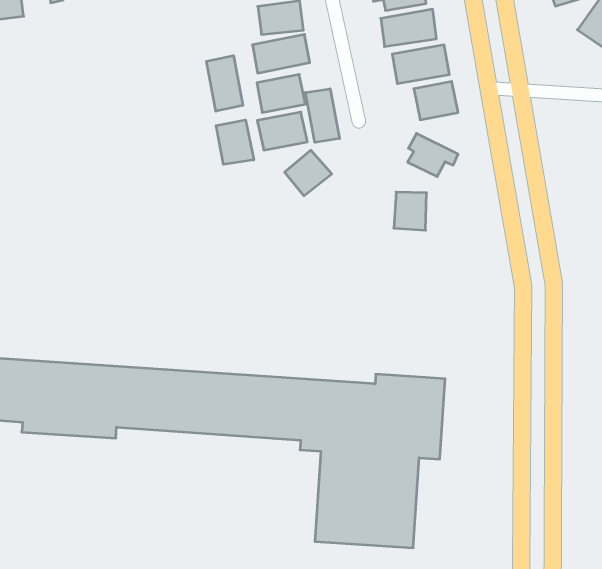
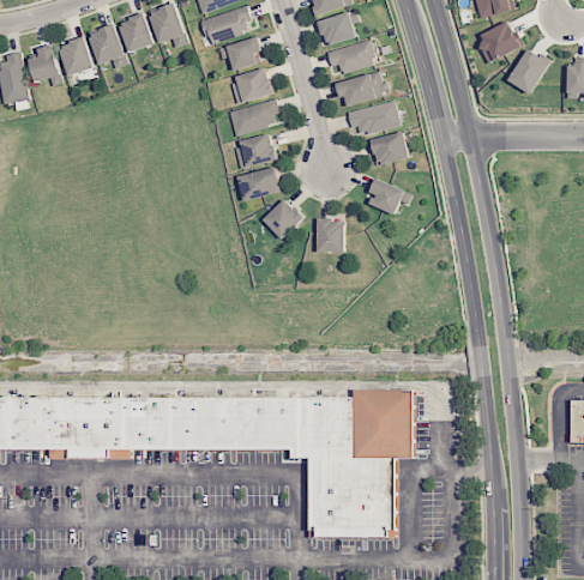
building: [206,56,243,111] -> none
building: [305,89,340,142] -> none
building: [216,120,254,164] -> none
building: [394,192,427,230] -> [317,219,344,252]

